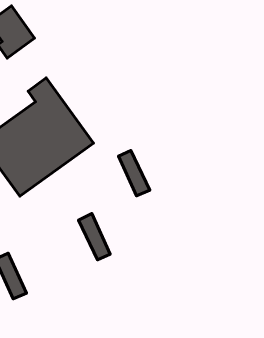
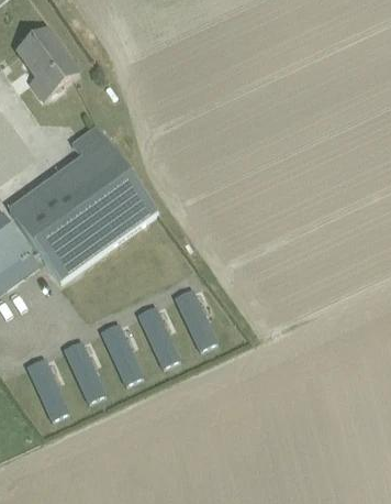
building: [118,150,150,196] -> [175,288,216,349]
building: none -> [101,322,143,383]
building: none -> [64,340,105,401]

